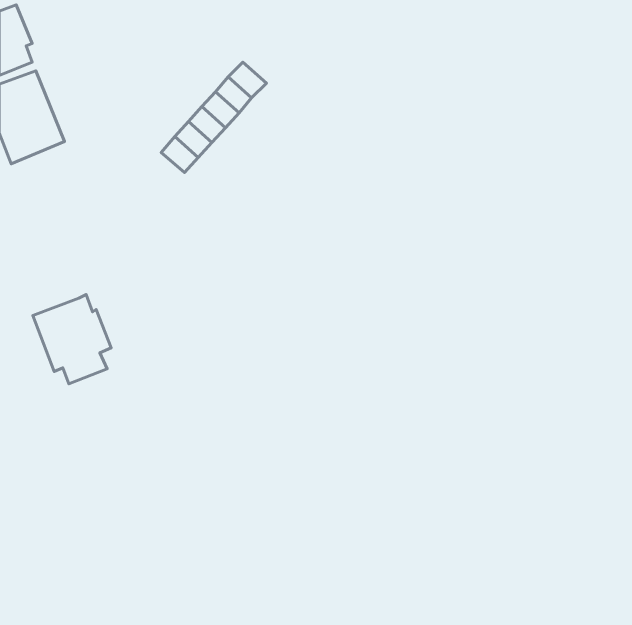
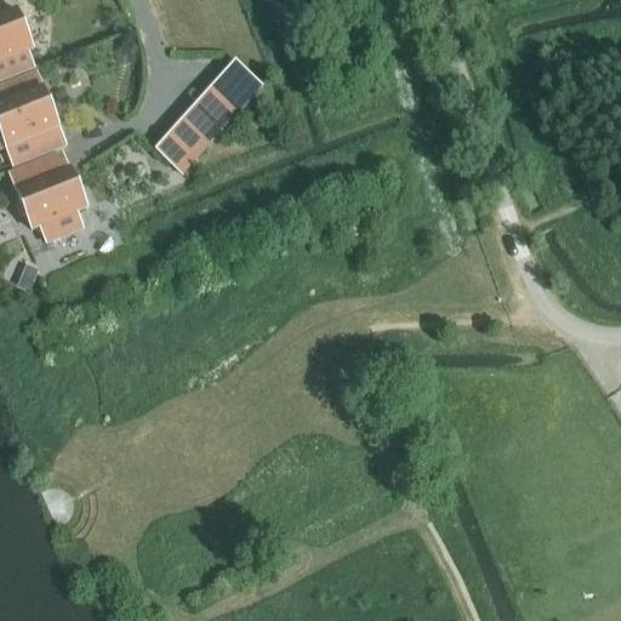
building: [33,295,111,384] -> [8,149,85,237]

